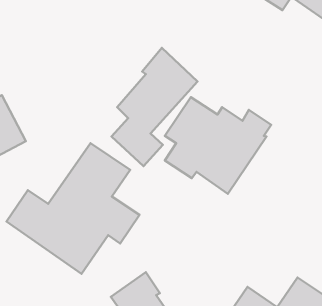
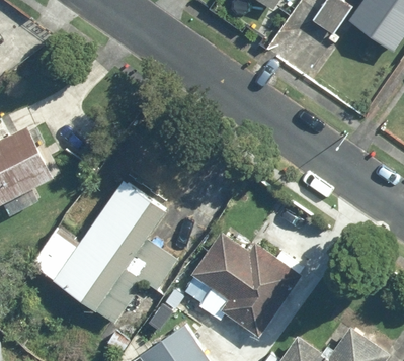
building: [111,48,198,166] -> none
building: [165,97,271,194] -> [190,232,307,338]

